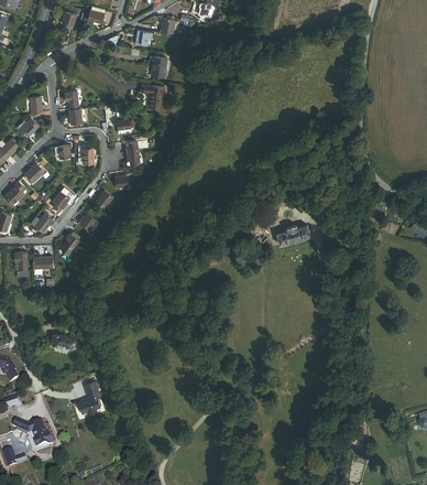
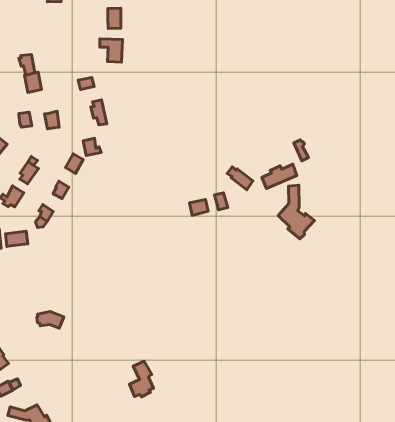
building: none -> [278,185,314,239]
building: [78,381,100,414] -> [129,361,153,397]

